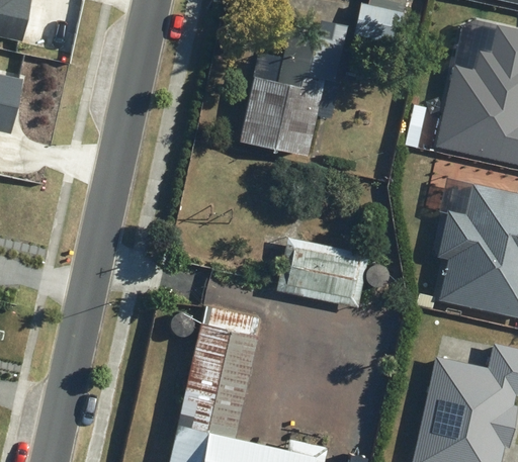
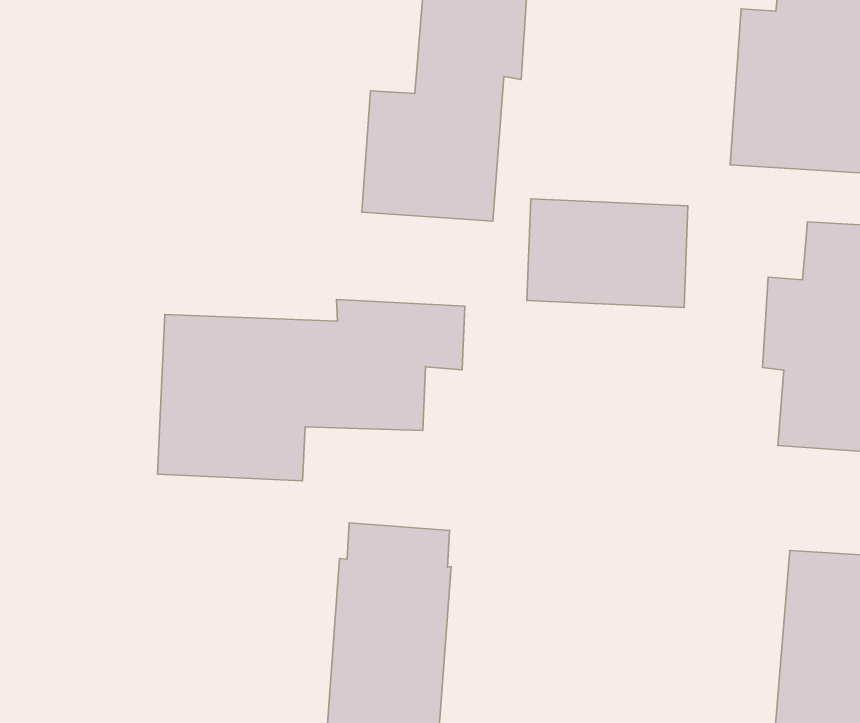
building: none -> [158,300,465,481]
building: [274,240,367,309] -> [527,199,688,308]

